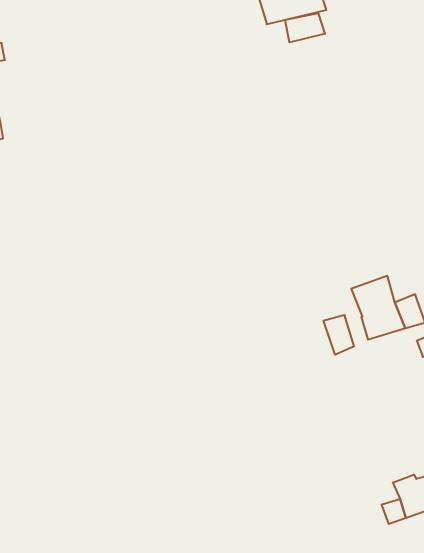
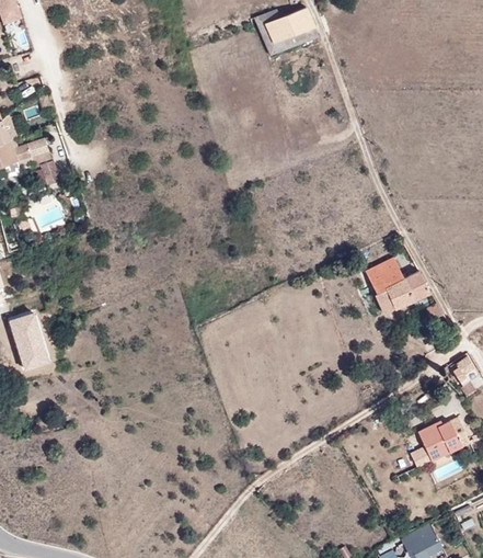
building: [285,13,325,42] -> none
building: [324,315,354,355] -> none

